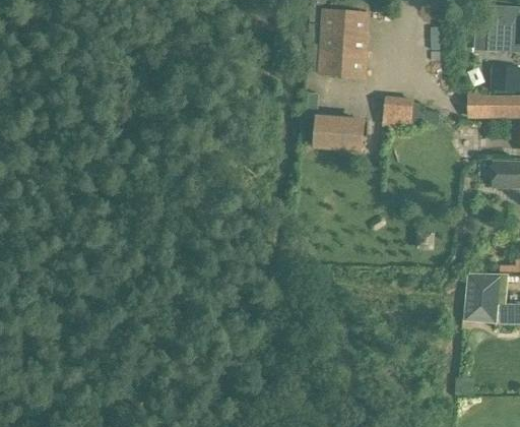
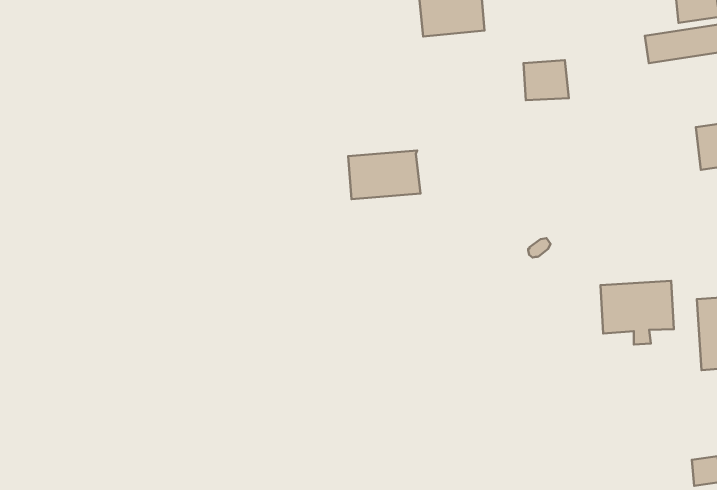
building: [316,118,364,149] -> [348,151,420,199]
building: none -> [601,281,674,345]

